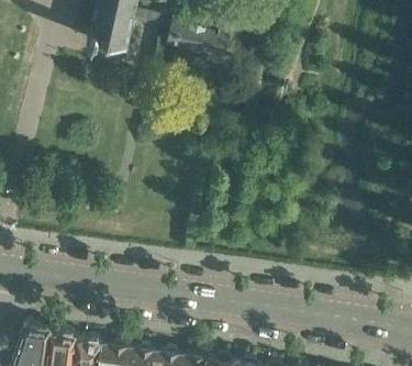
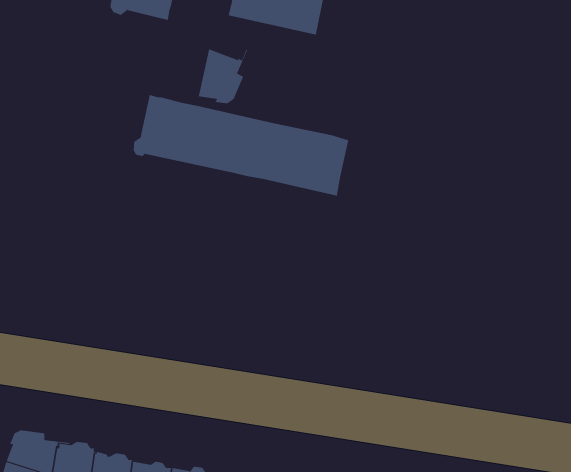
building: none -> [198,48,248,104]
building: none -> [133,94,349,196]

